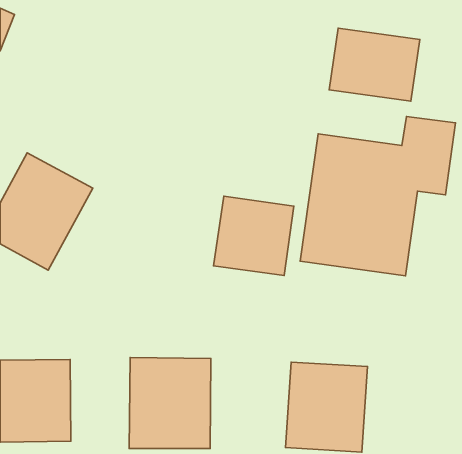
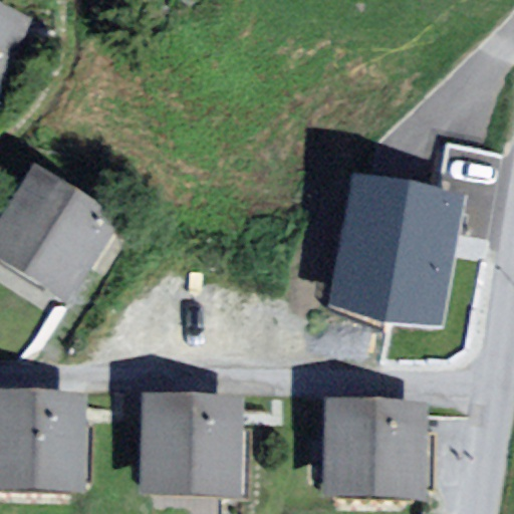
building: [329,28,420,101] -> none
building: [213,196,294,276] -> none

